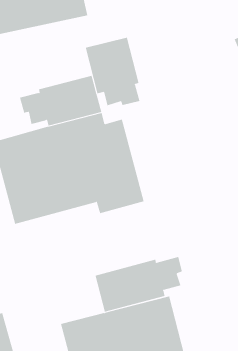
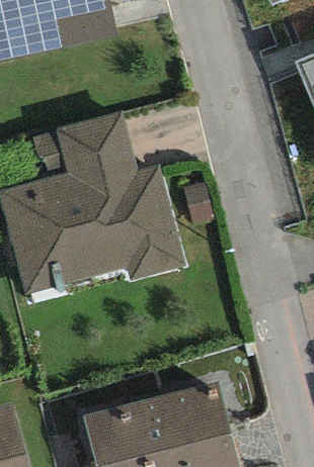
building: [85,37,140,106] -> none
building: [95,256,182,313] -> none

